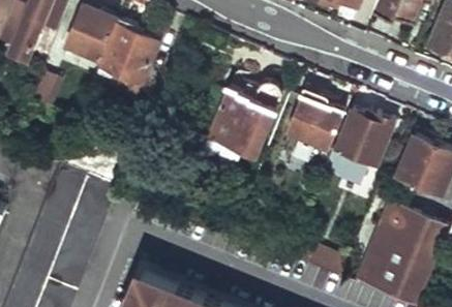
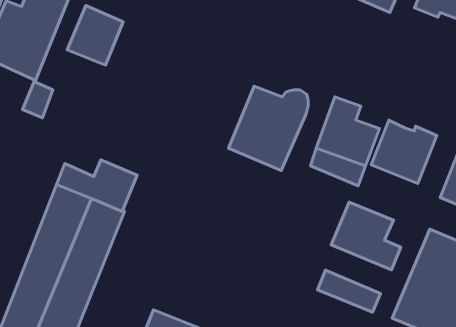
building: [99,23,159,86] -> none
building: none -> [331,202,401,270]

